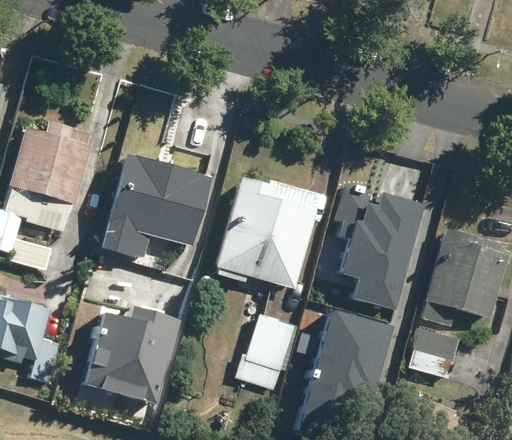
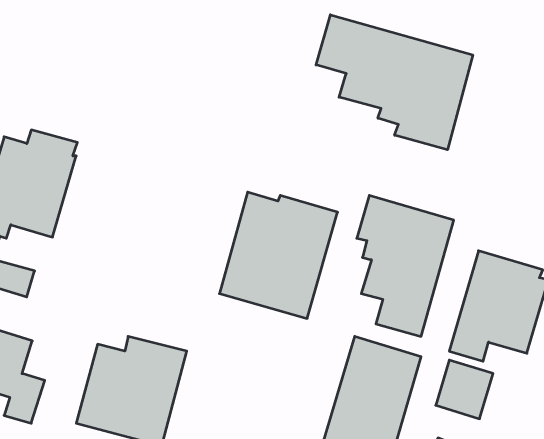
building: none -> [316,15,473,150]
building: [93,154,211,279] -> none
building: [232,316,293,391] -> none

